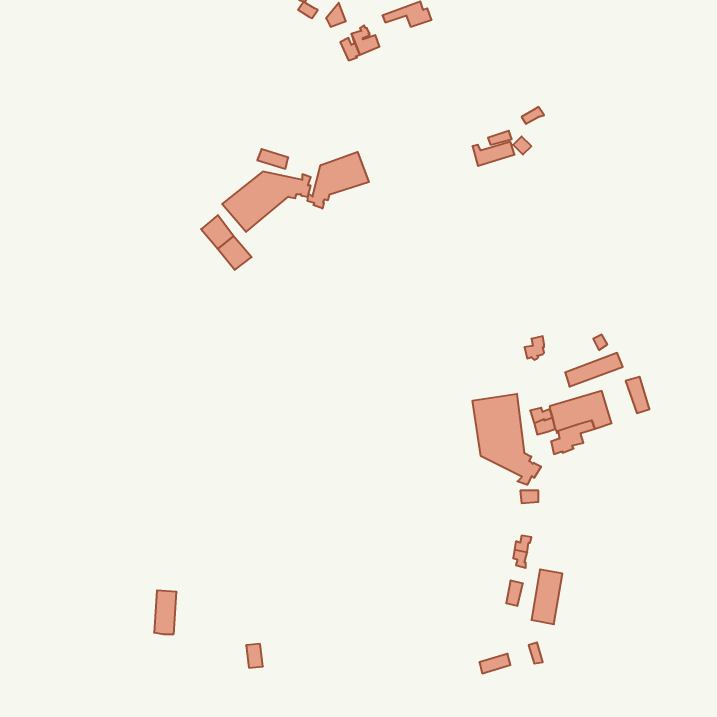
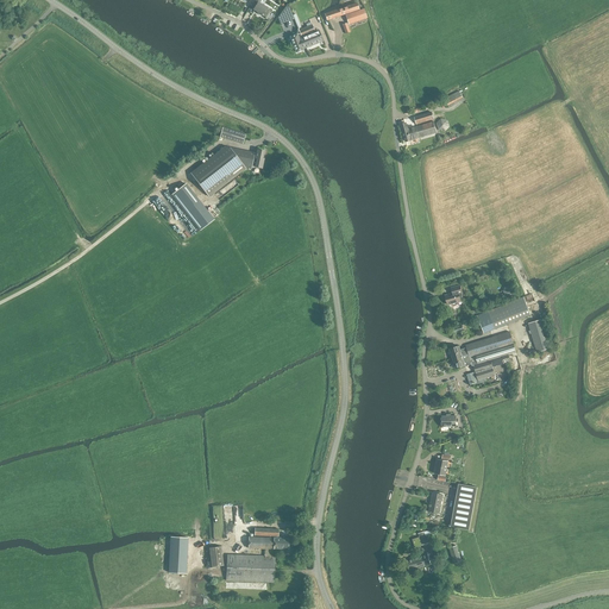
building: [308,152,369,209] -> none
building: [473,394,541,485] -> none
building: [154,590,177,634] -> [168,535,187,572]
building: none -> [225,527,288,580]

